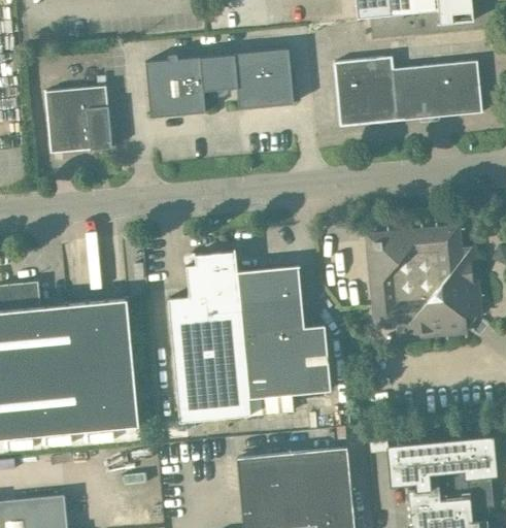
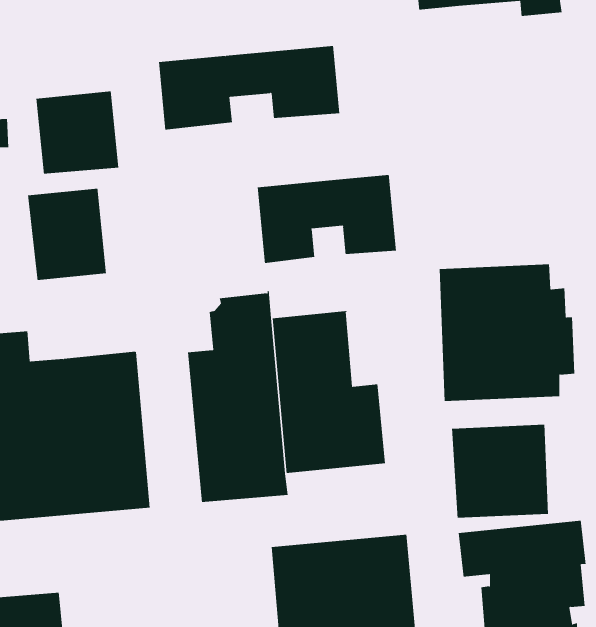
building: [333,57,481,127] -> none
building: none -> [257,174,397,264]
building: none -> [27,188,106,281]
building: none -> [452,424,549,518]

